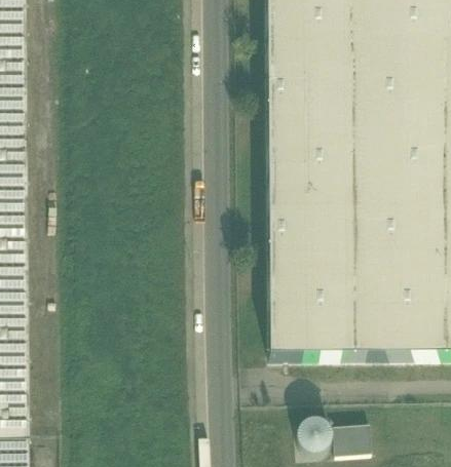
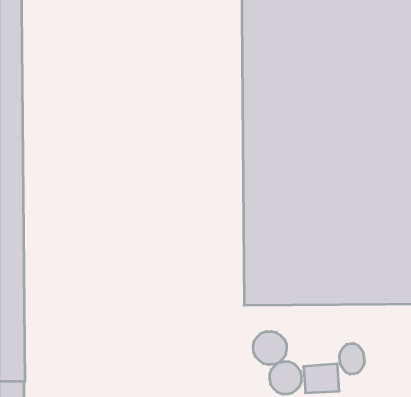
building: none -> [253,331,287,365]
building: none -> [340,343,364,374]

